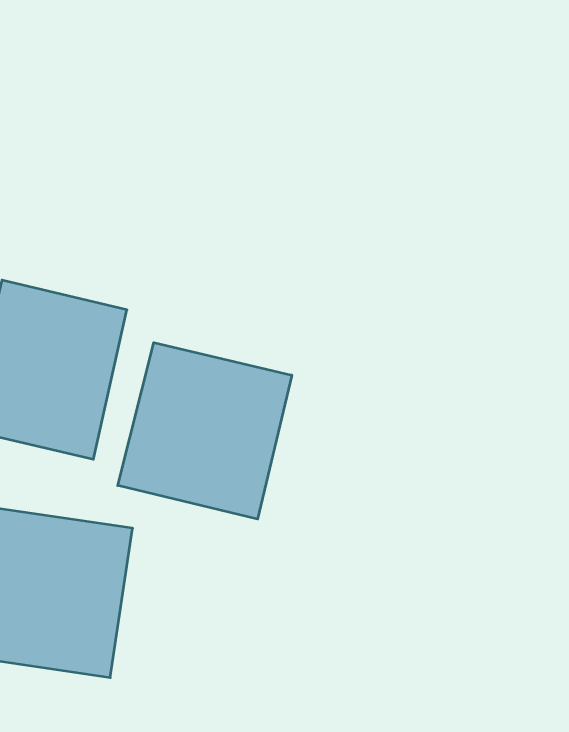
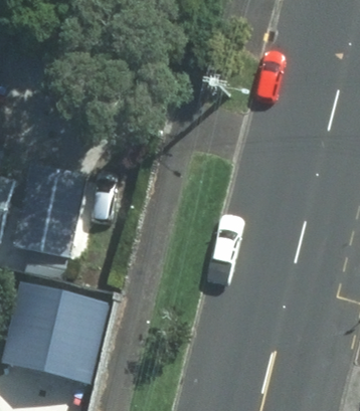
building: [118,343,292,519] -> none

